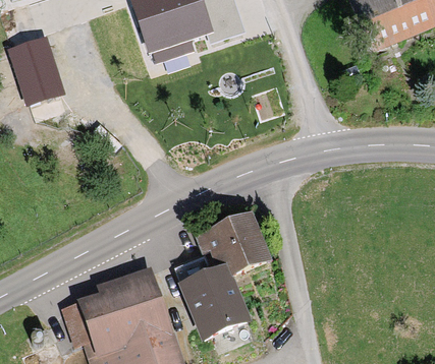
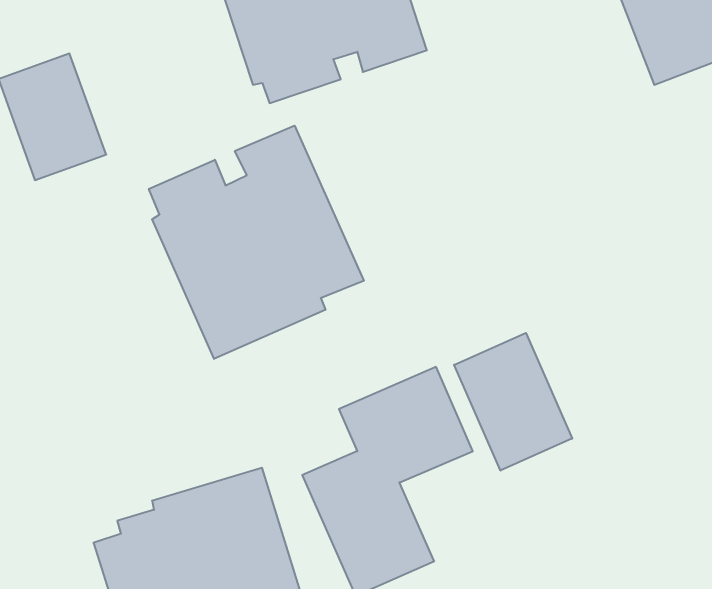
building: none -> [149,126,364,359]
building: none -> [454,333,572,471]

